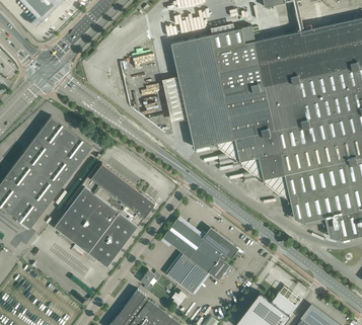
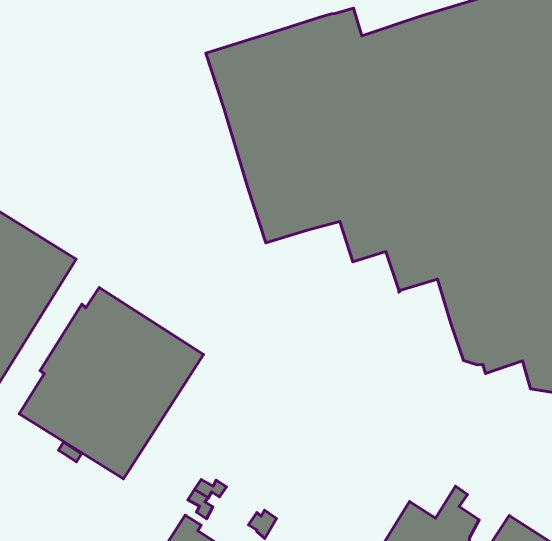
building: [162,219,238,295] -> none

